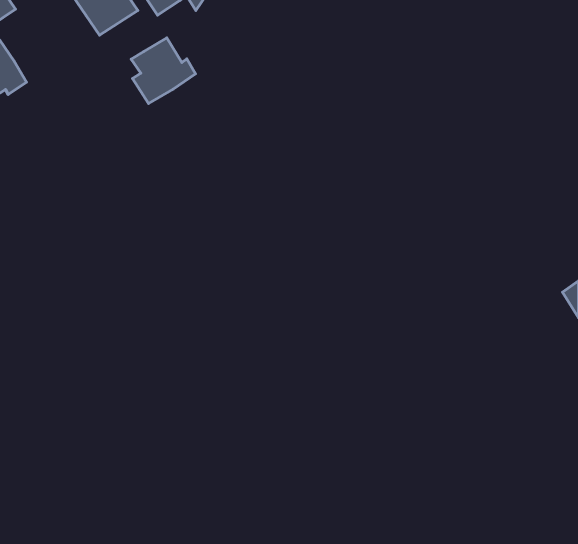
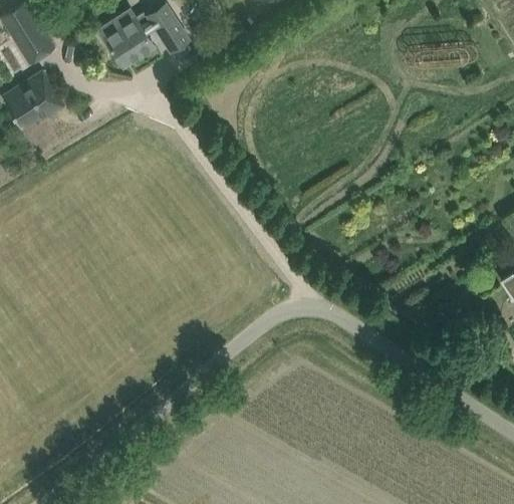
building: [131,38,196,103] -> none

